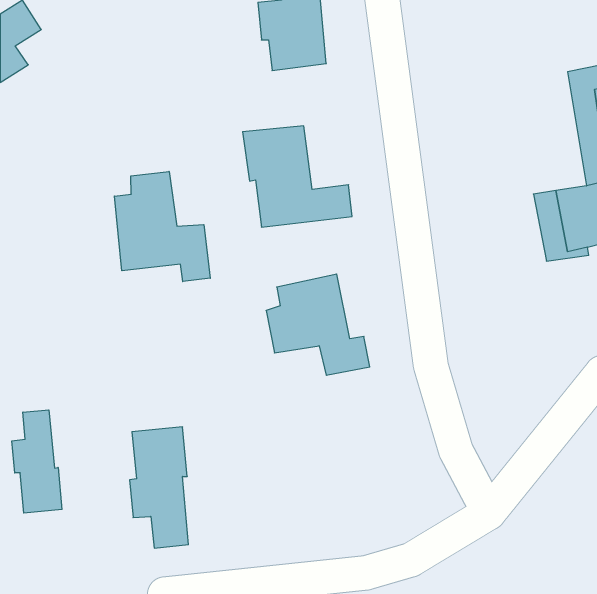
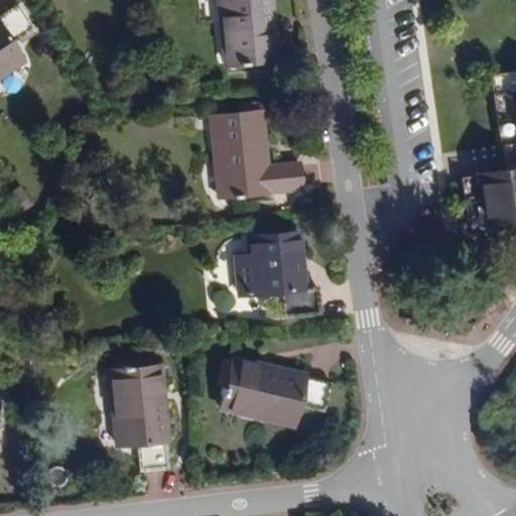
building: [114,171,210,282] -> none
building: [12,410,62,513] -> none
building: none -> [221,359,330,428]

